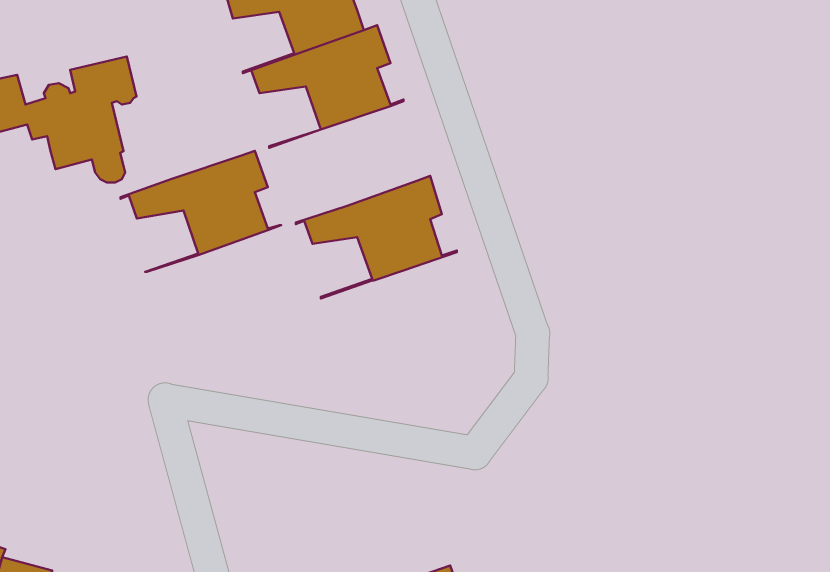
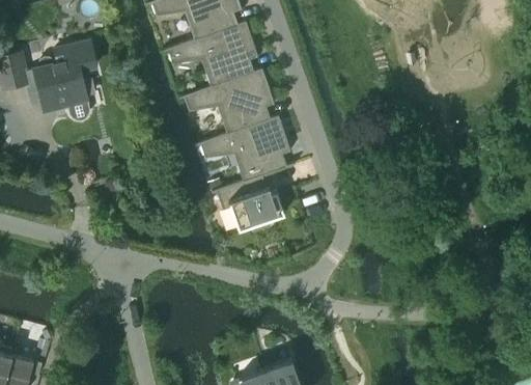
building: [120,151,281,272] -> [178,68,279,144]
building: none -> [211,163,297,231]

